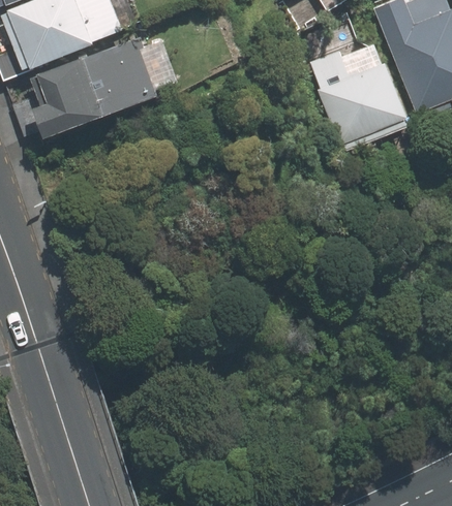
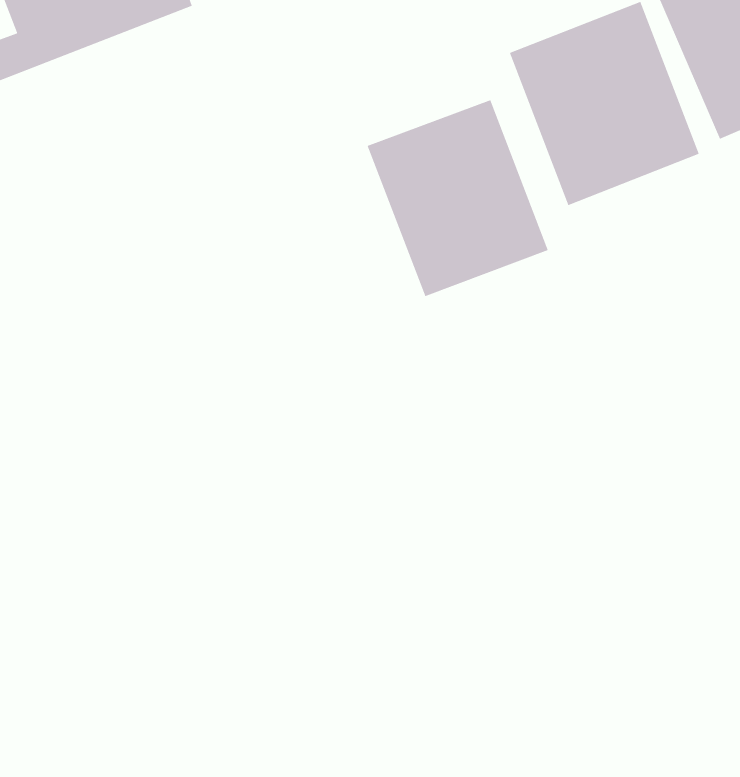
building: [30,37,155,135] -> none
building: none -> [367,99,549,297]

